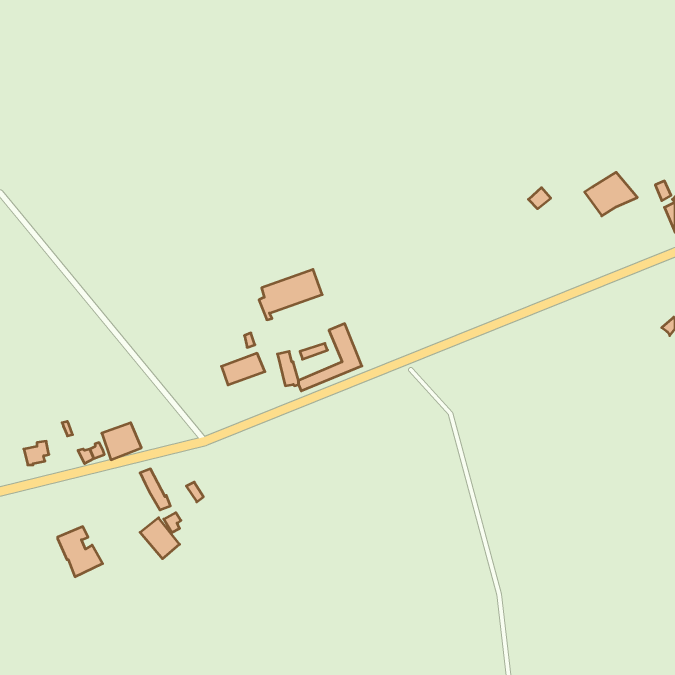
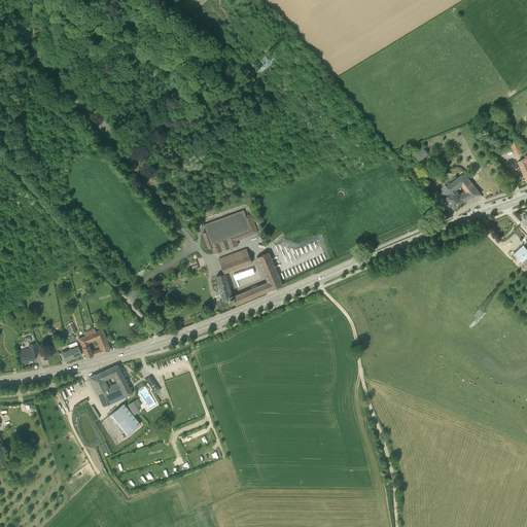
building: [585,172,637,216] -> [440,174,481,208]
building: [221,353,265,385] -> [218,249,252,274]
building: [58,527,103,577] -> [90,368,125,408]

